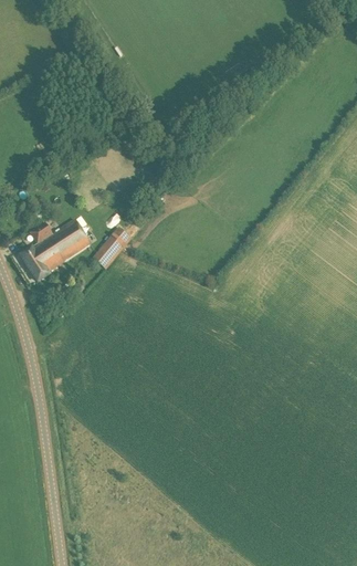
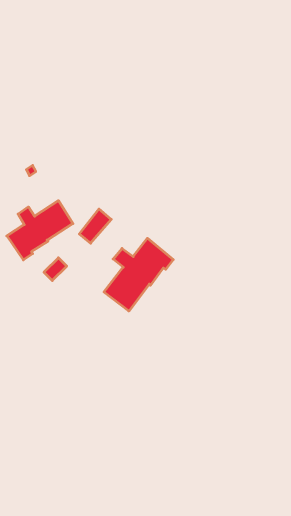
building: none -> [104,238,173,311]

